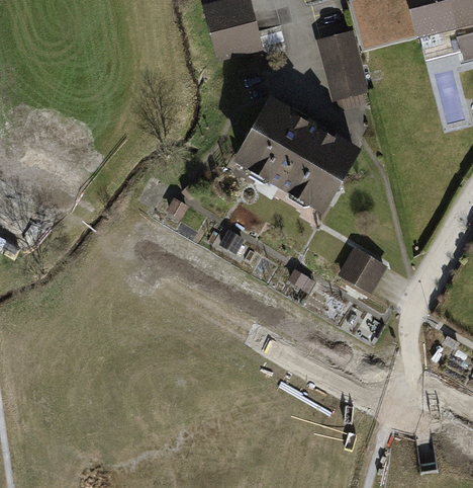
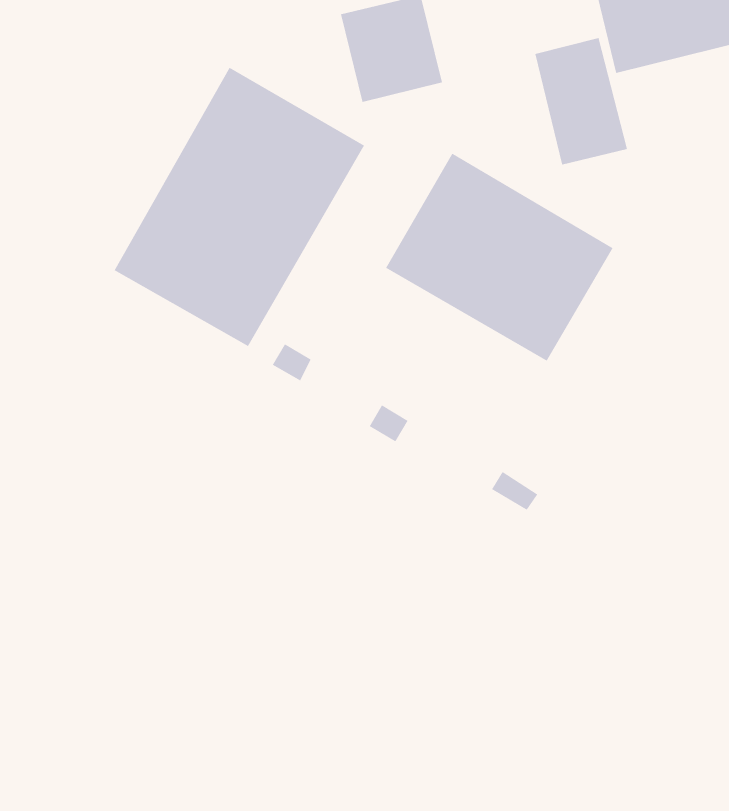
building: none -> [114,67,365,347]
building: [337,246,385,293] -> none

